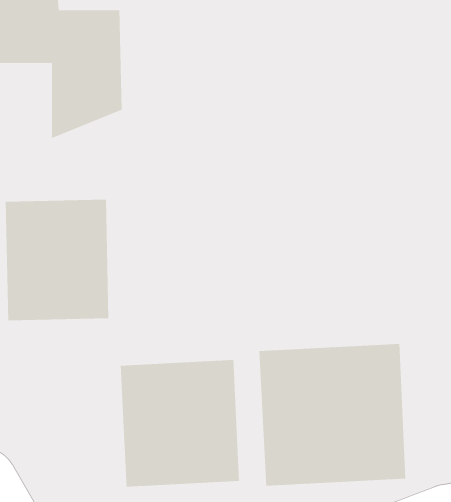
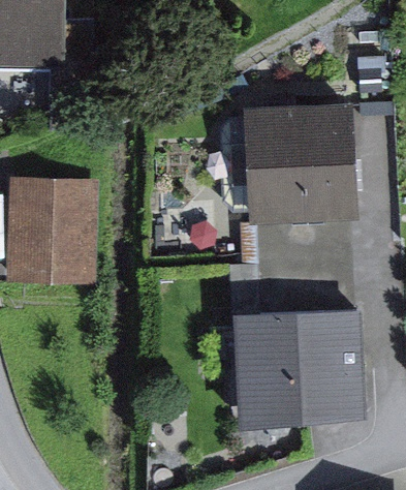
building: none -> [241,99,355,226]
building: [120,359,240,487] -> none

